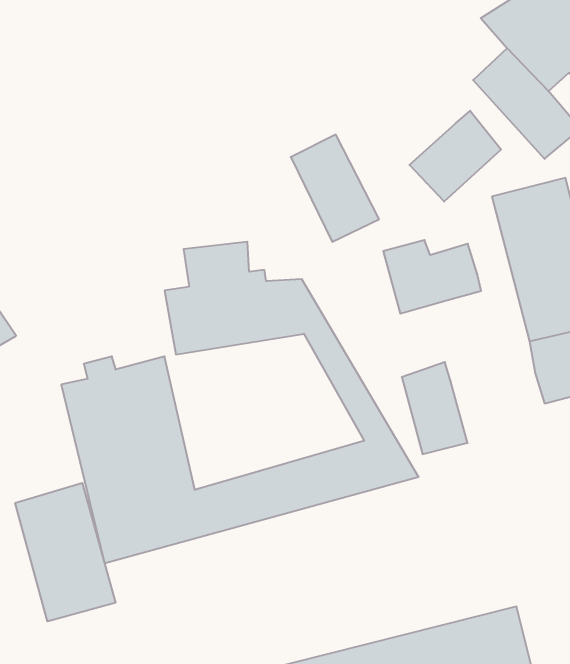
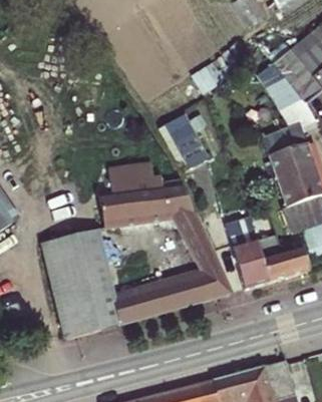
building: [409,111,501,202] -> none
building: [383,240,481,313] -> [251,236,303,275]
building: [15,483,115,621] -> none

